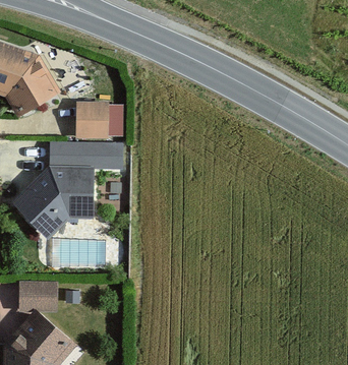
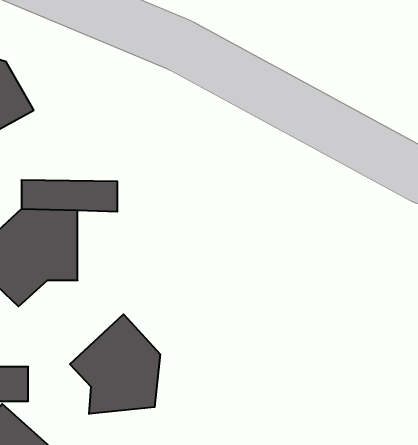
building: [77,104,108,137] -> none
building: none -> [70,314,160,414]

